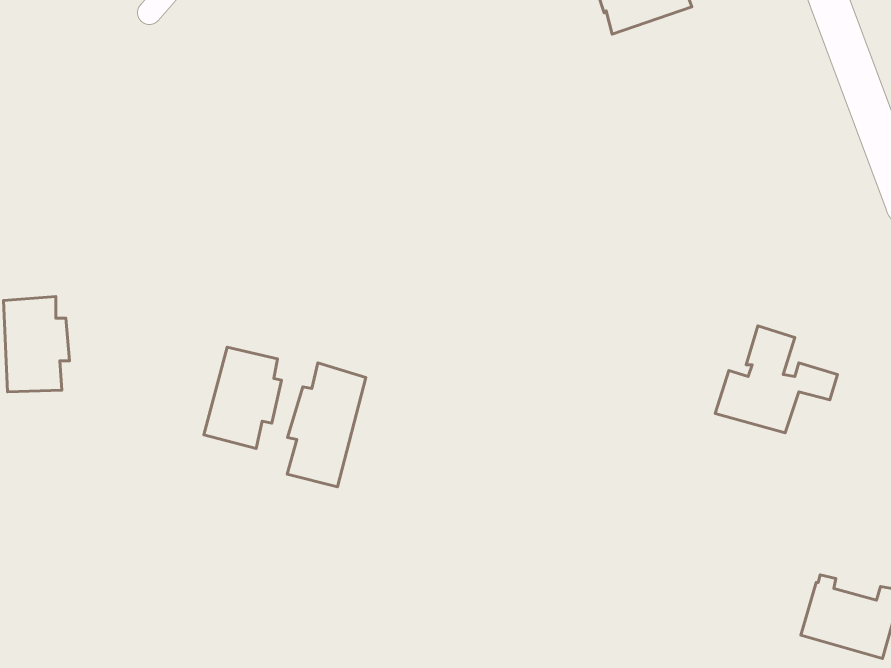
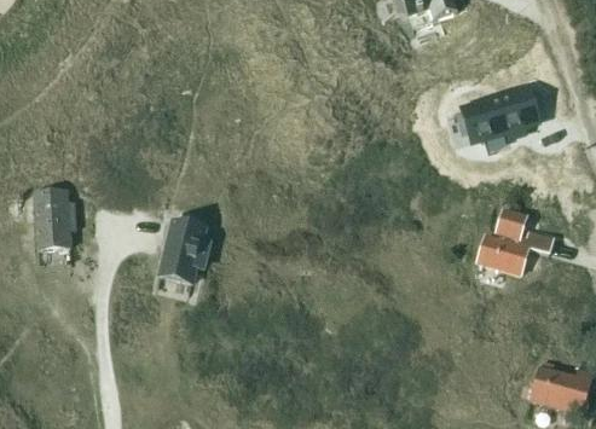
building: none -> [463,93,536,143]
building: [287,363,366,487] -> none

